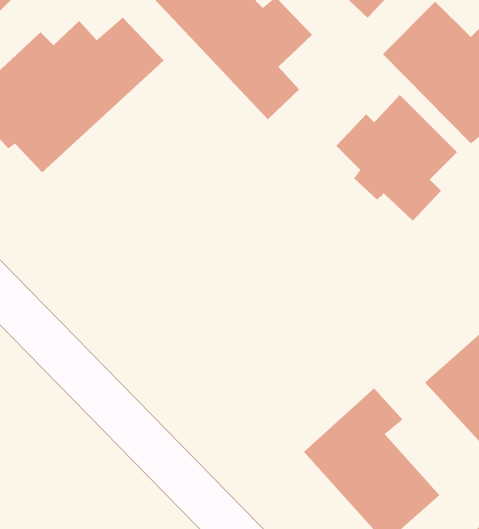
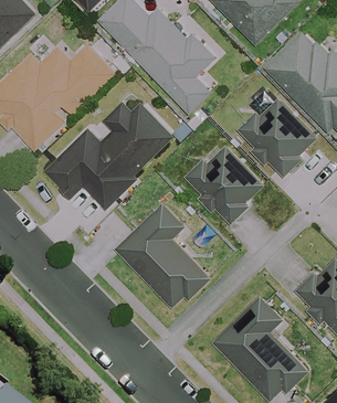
building: none -> [46,93,175,213]
building: none -> [186,144,263,232]
building: none -> [116,203,210,310]

